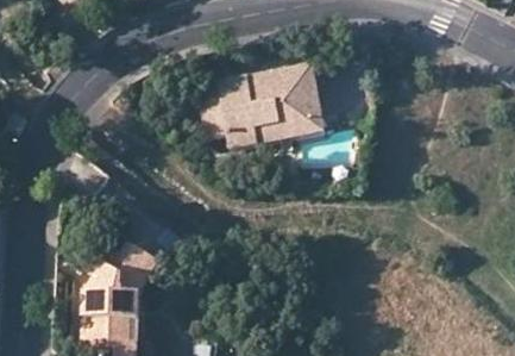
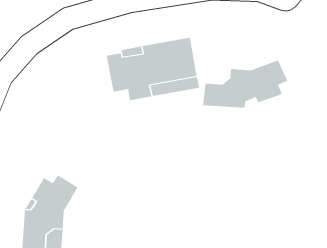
building: none -> [202,59,288,108]

